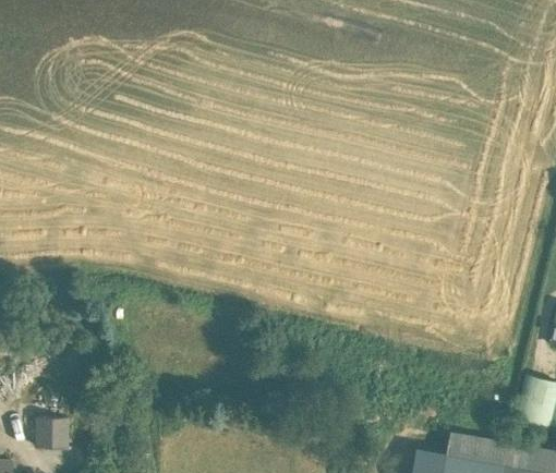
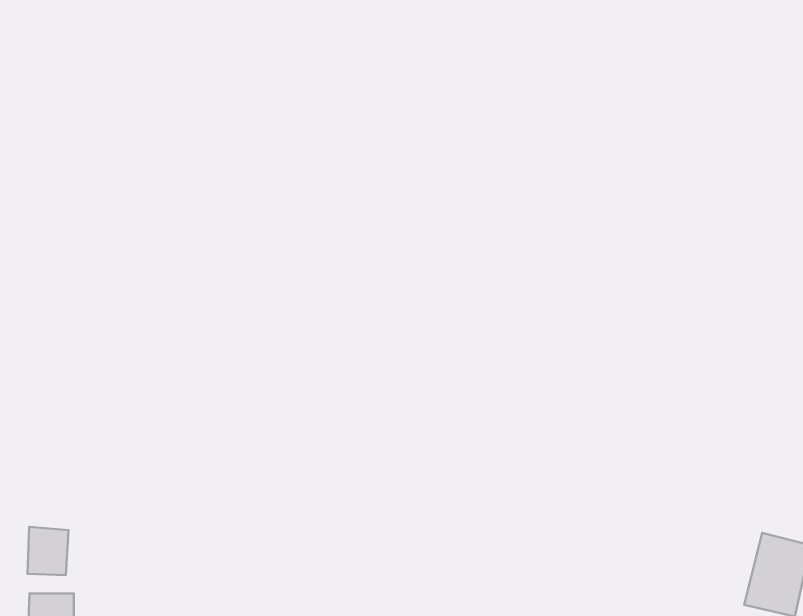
building: none -> [28,527,69,575]

